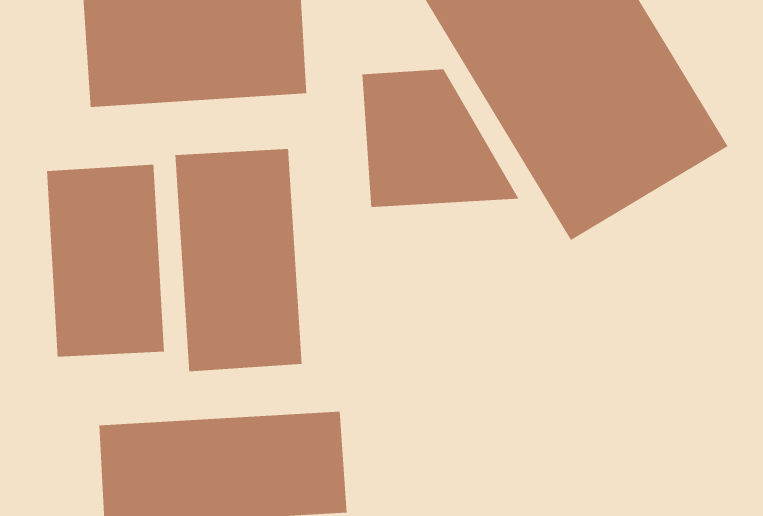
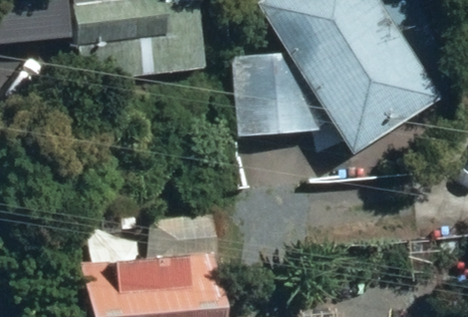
building: [175,148,302,372] -> none
building: [47,164,165,358] -> none

